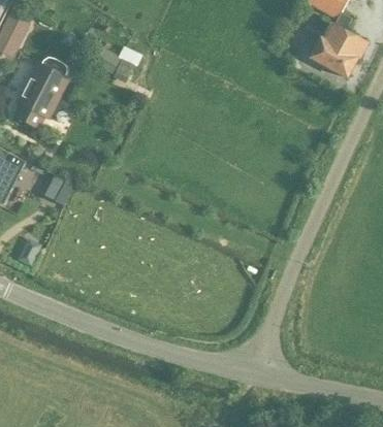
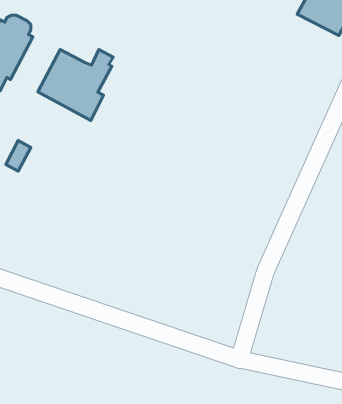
building: none -> [38,49,113,120]

